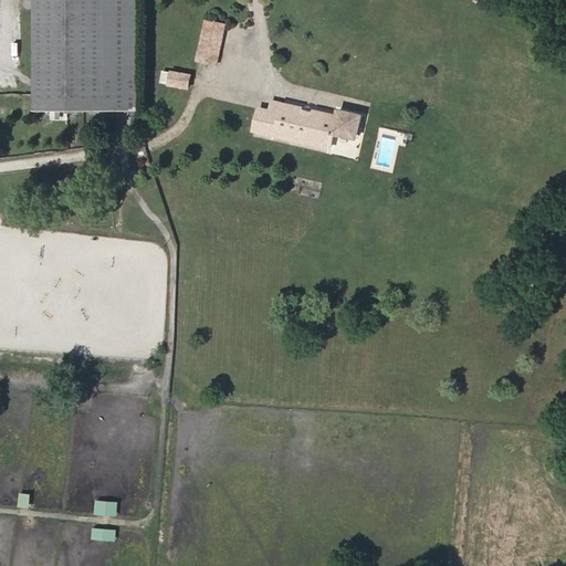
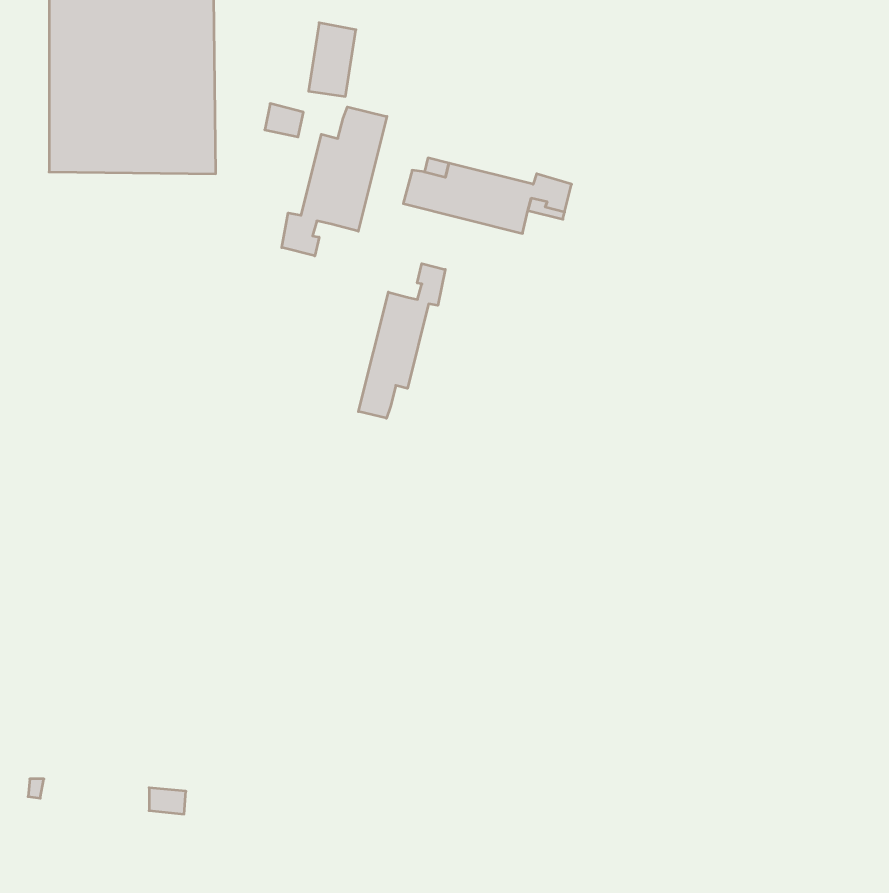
building: none -> [282,107,387,256]
building: none -> [358,264,445,418]

